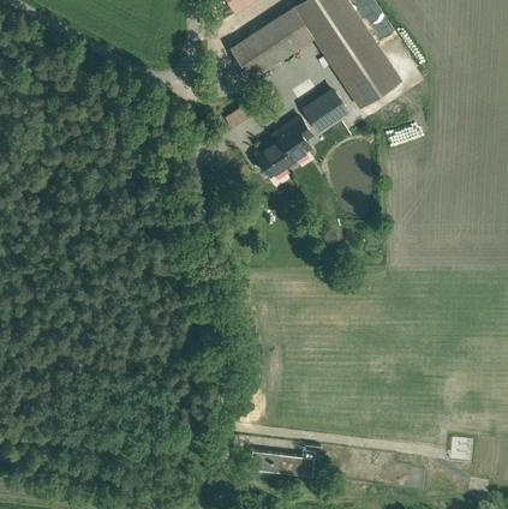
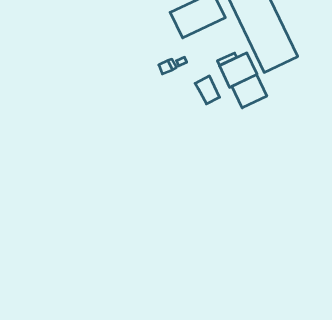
building: none -> [232,75,267,108]
building: [257,140,293,175] -> none

